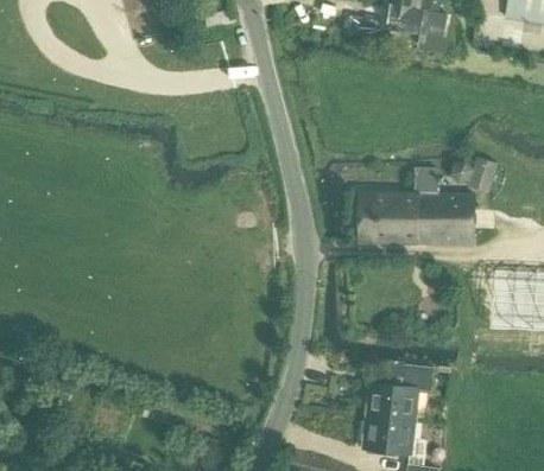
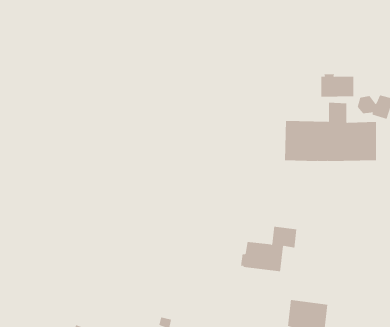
building: none -> [321,74,354,98]
building: [363,362,435,419] -> [240,226,297,272]

